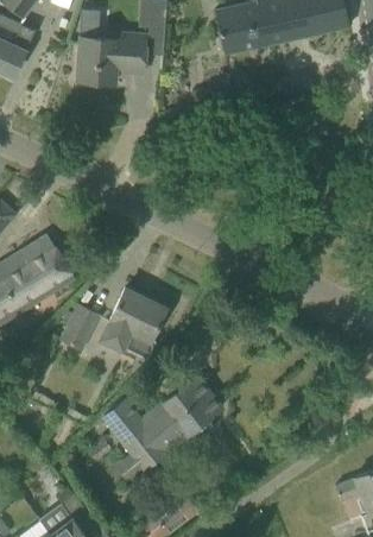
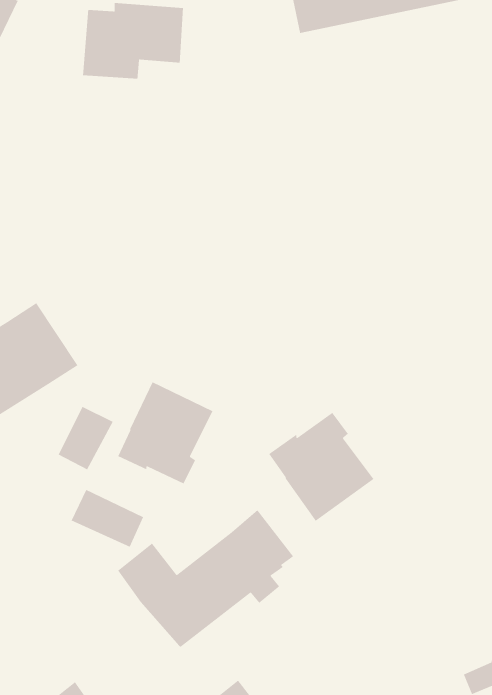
building: none -> [268,412,374,522]
building: none -> [70,489,144,548]

